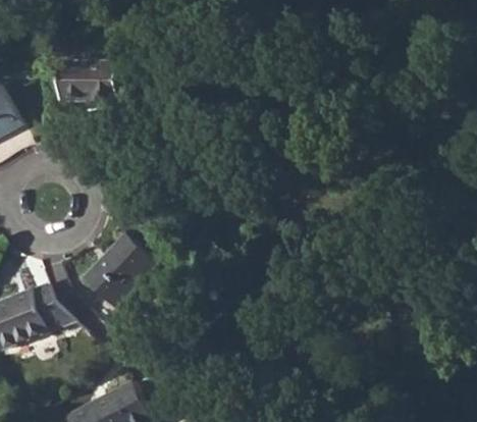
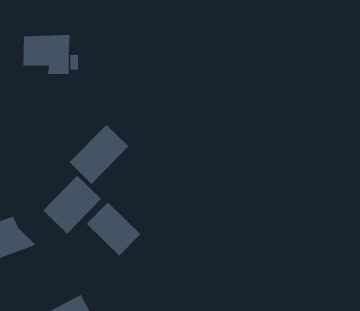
building: none -> [69,124,129,185]
building: none -> [86,202,141,256]

